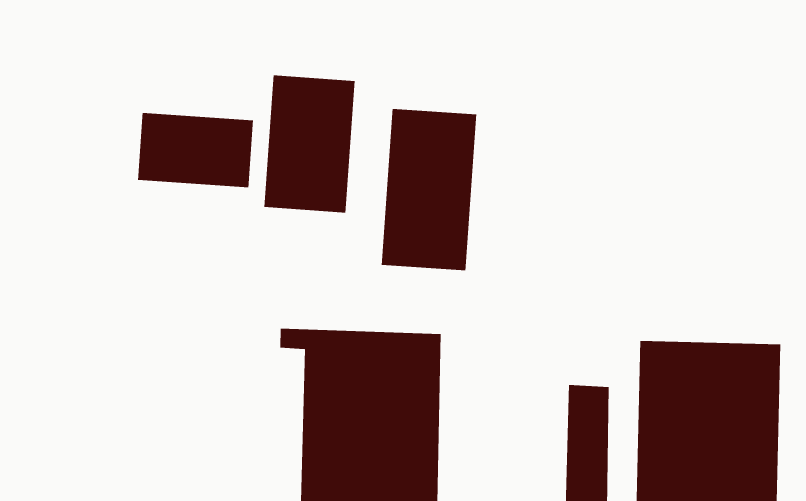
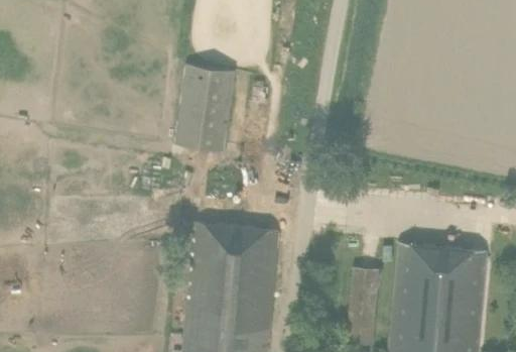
building: [381,108,477,271] -> none
building: [138,112,253,188] -> none

